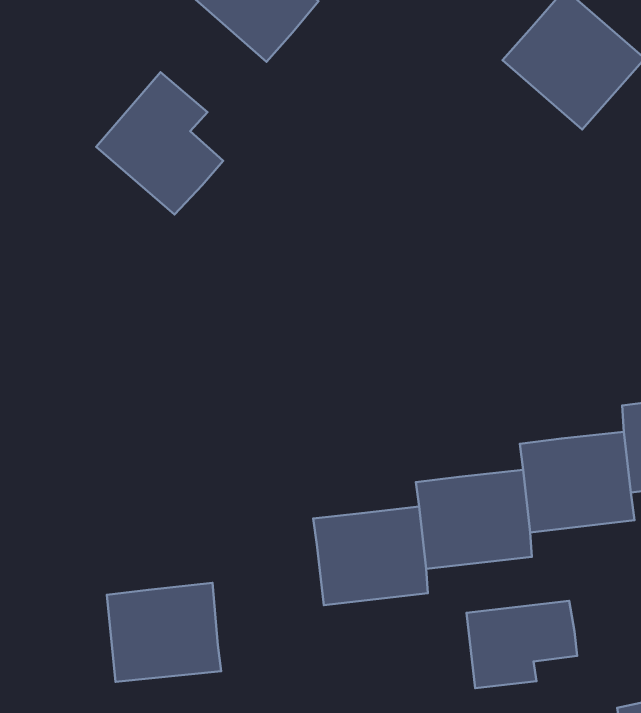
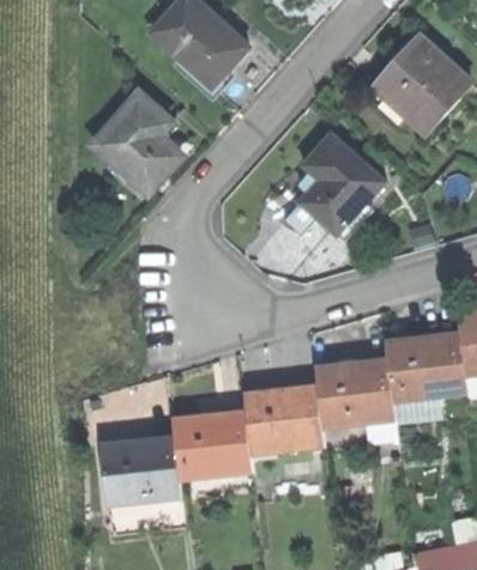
building: none -> [296,127,382,229]
building: none -> [170,414,250,484]
building: [467,601,577,688] -> none

